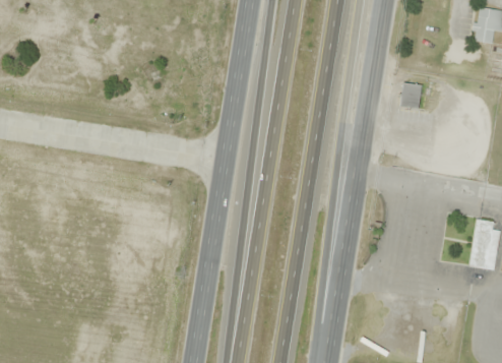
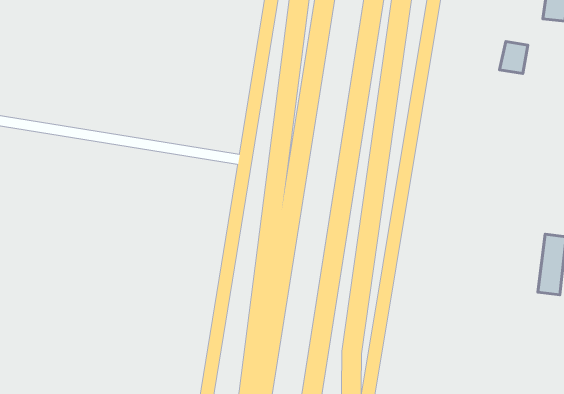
building: [399,82,423,109] -> [500,42,528,74]

